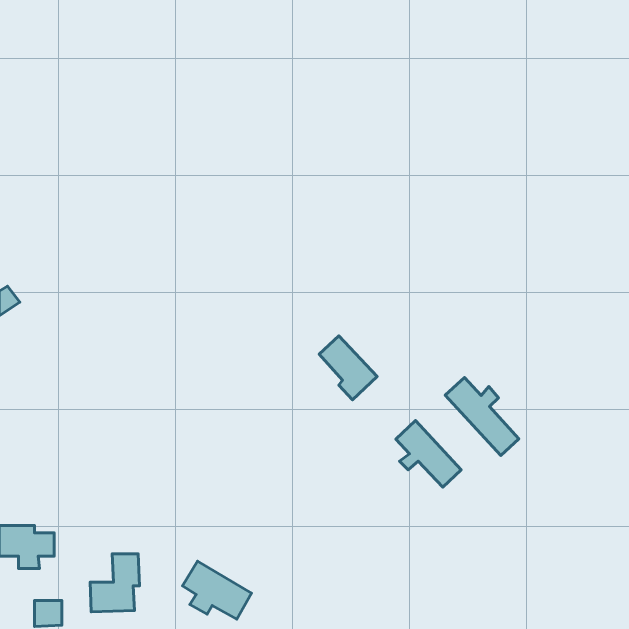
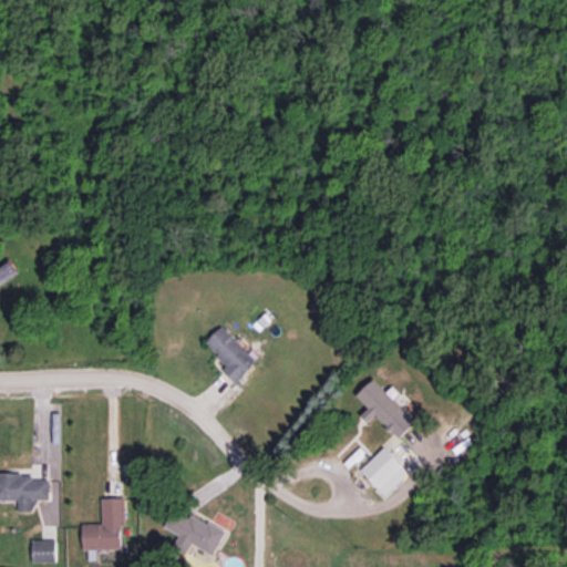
building: [319,336,377,400] -> [204,326,256,383]
building: [445,378,519,455] -> none
building: none -> [359,447,408,496]

